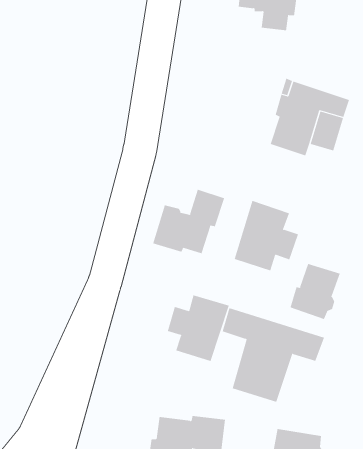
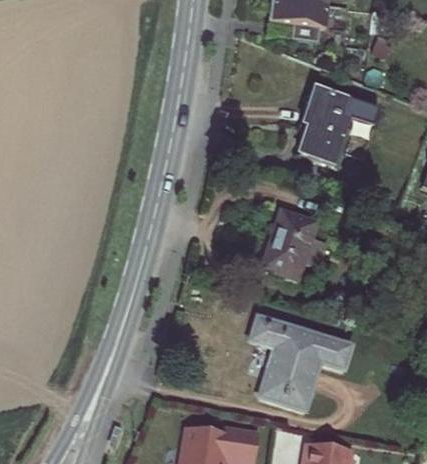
building: [152,189,225,254] -> none
building: [290,263,341,320] -> none
building: [167,295,229,362] -> none

